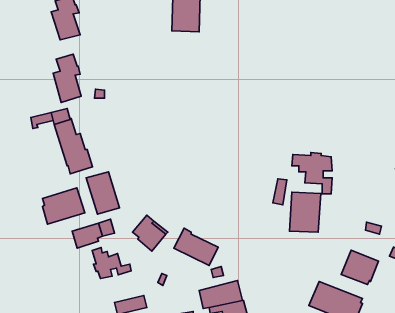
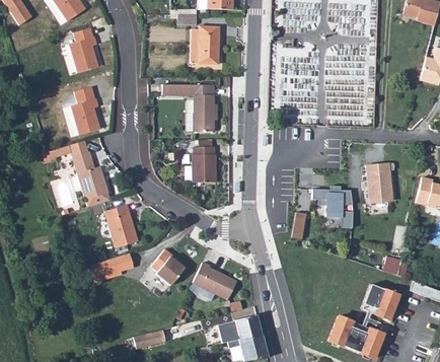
building: none -> [162,84,214,131]
building: none -> [192,146,216,183]
building: none -> [366,162,394,203]
building: [43,188,85,224] -> none
building: [290,192,321,232] -> none
building: [92,247,131,278] -> none

